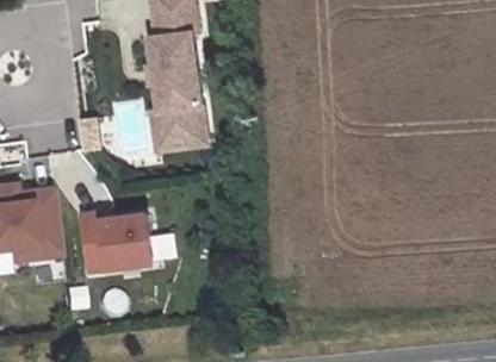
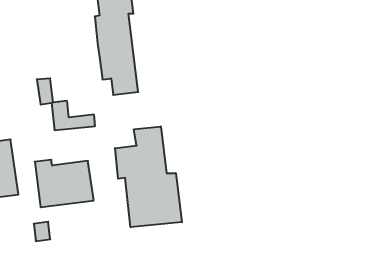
building: [156,113,210,149] -> [52,101,95,130]
building: none -> [115,126,182,227]

